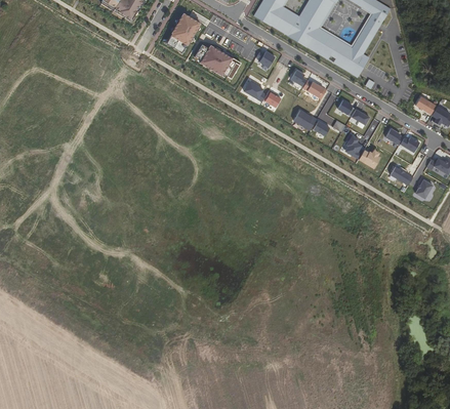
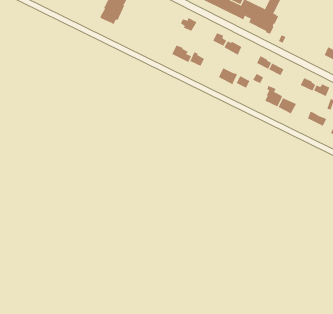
building: [194,44,239,77] -> none

